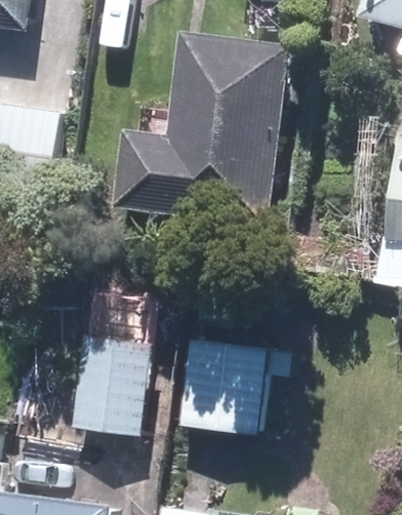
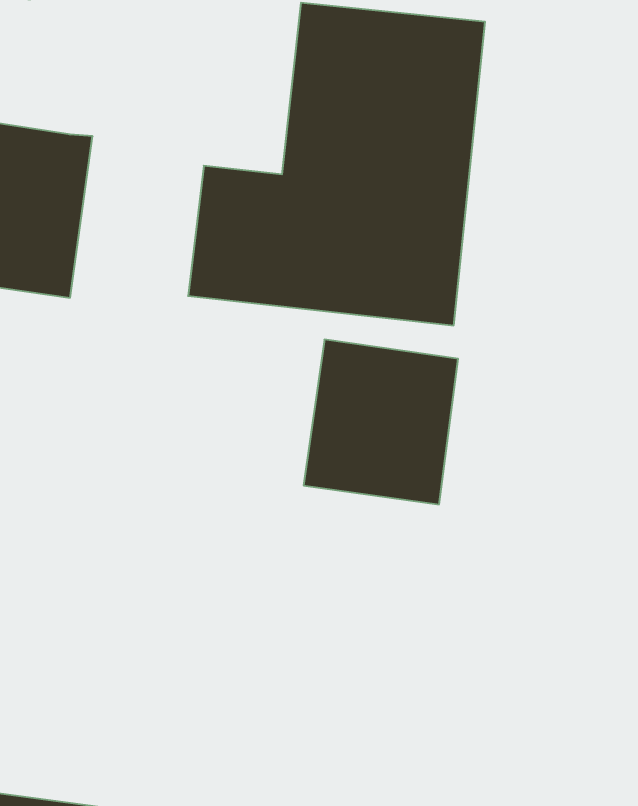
building: [77,293,173,430] -> none
building: [183,336,274,434] -> [304,340,458,504]

